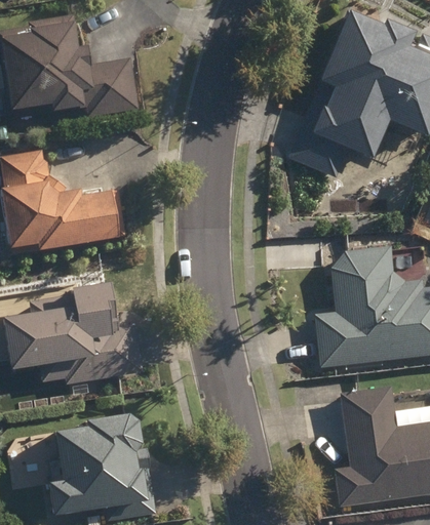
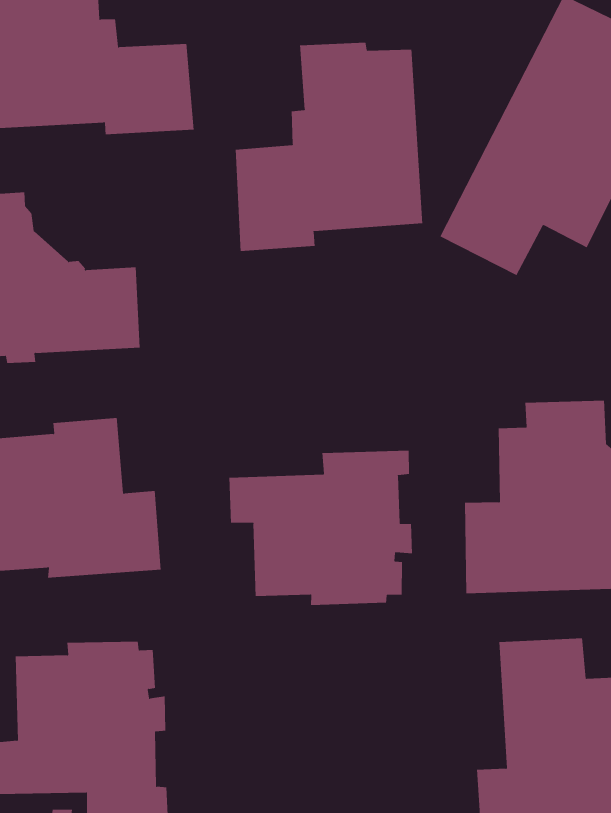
building: none -> [235,42,423,252]
building: none -> [229,450,413,606]

